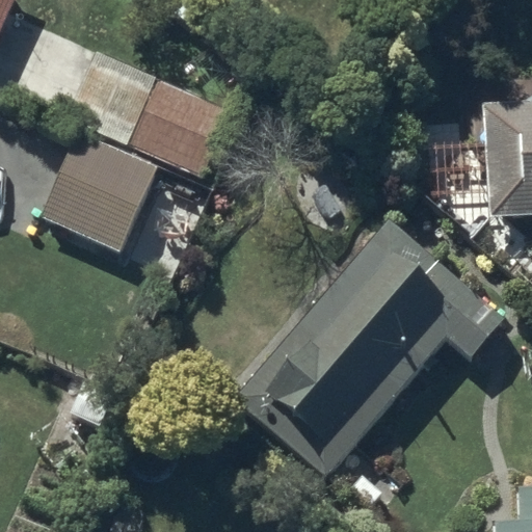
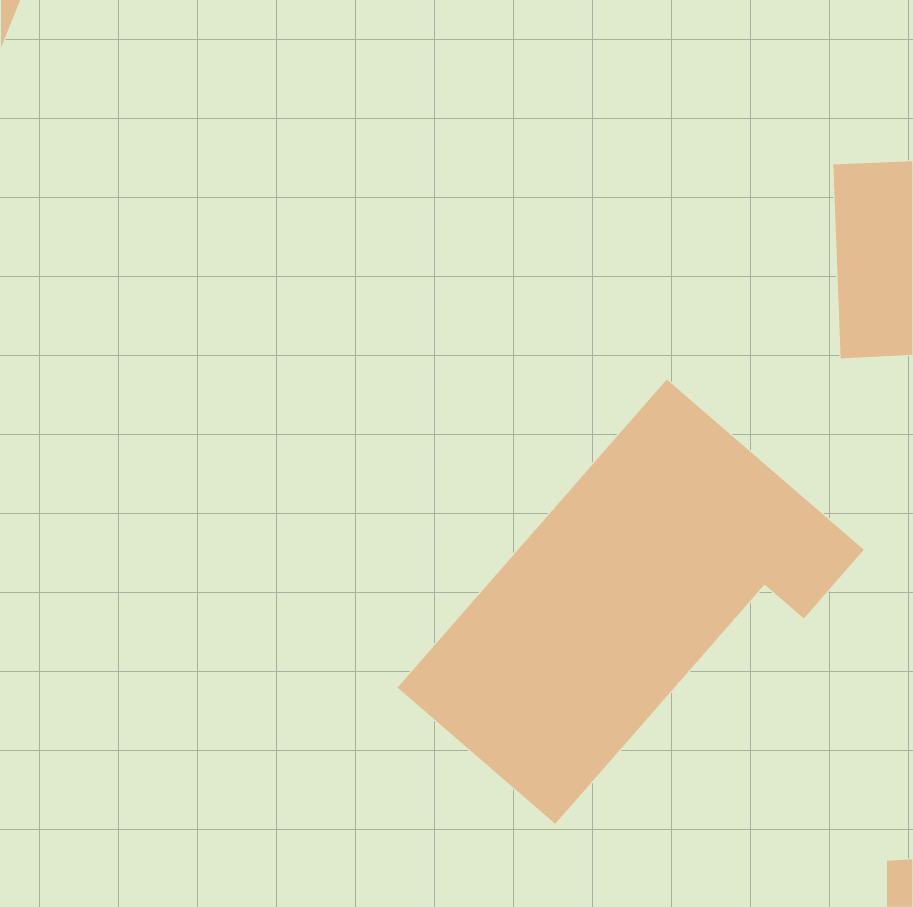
building: [44,51,231,251] -> none

